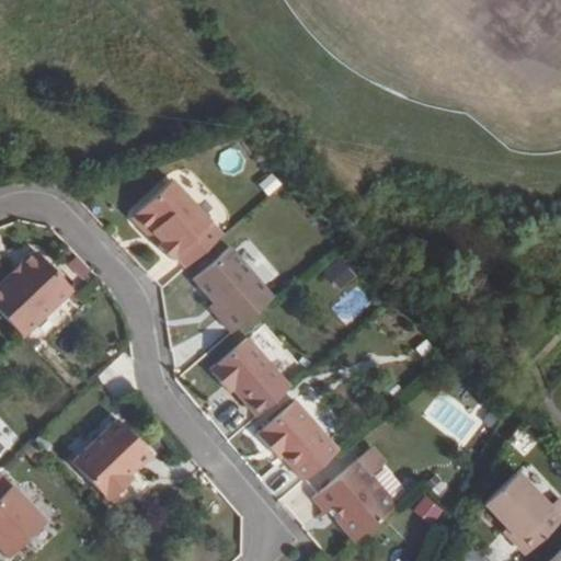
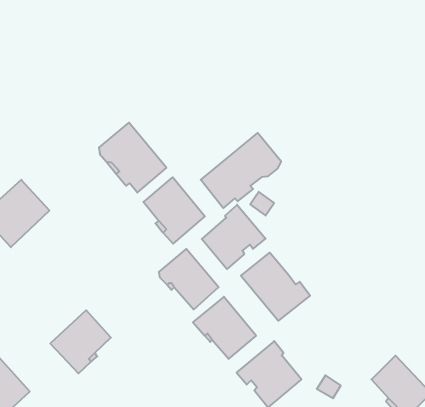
building: none -> [201,133,281,208]
building: none -> [202,205,266,269]
building: none -> [241,253,310,321]

